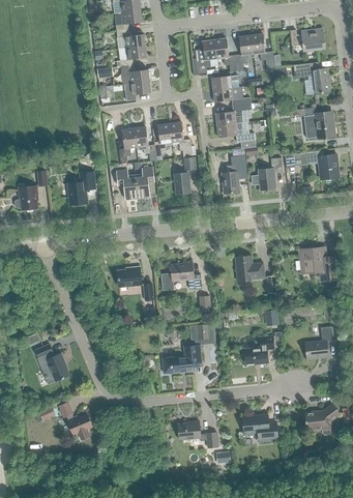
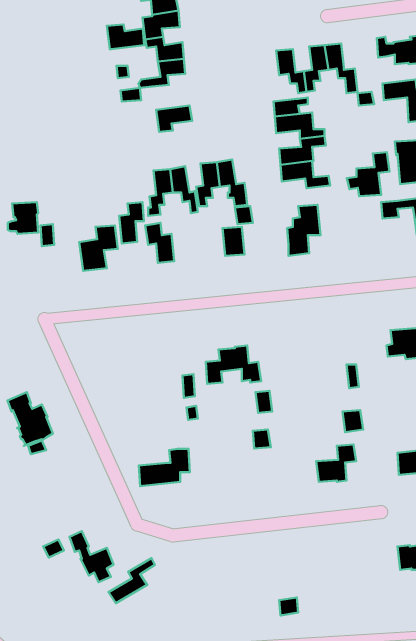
building: [195,39,216,74] -> none
building: [121,65,149,84] -> [107,24,144,49]
building: [251,156,283,189] -> [347,152,390,196]
building: [136,167,154,198] -> [119,202,144,243]
building: [14,185,37,209] -> [8,202,38,234]
building: [235,255,265,279] -> none
building: [117,266,142,287] -> none
building: [35,343,69,383] -> [7,392,53,446]
building: [163,345,201,373] -> [139,449,190,486]
building: [242,413,277,440] -> none
building: [178,420,218,447] -> none
building: none -> [109,558,155,603]

